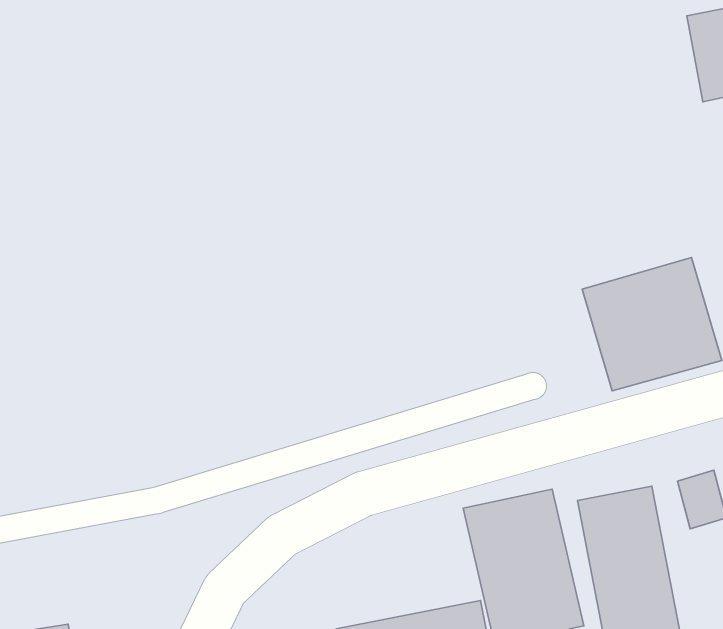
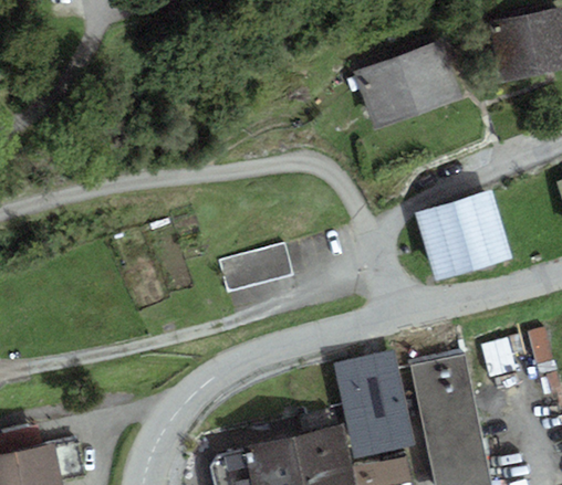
building: none -> [353,38,465,131]
building: none -> [222,239,294,287]

